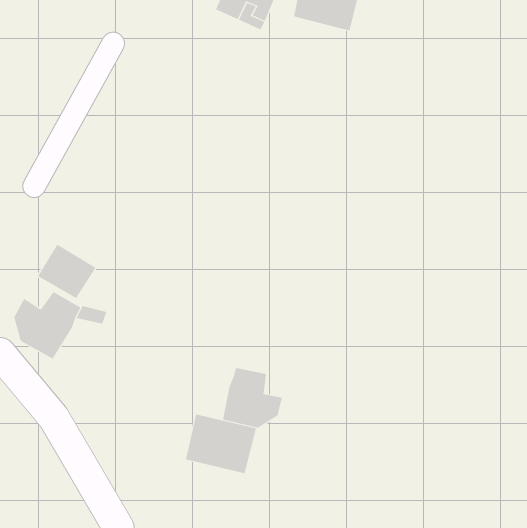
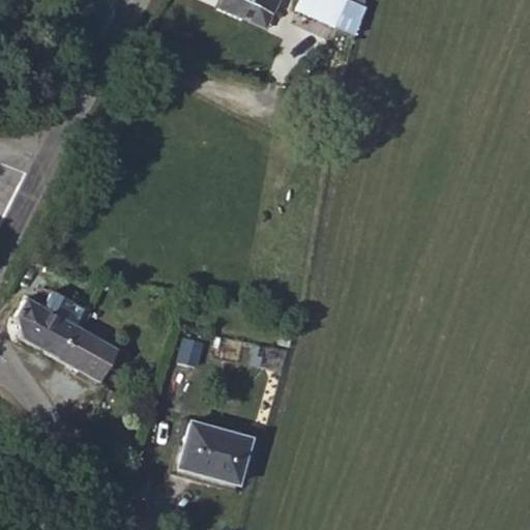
building: [37,244,96,299] -> [57,326,116,381]
building: [222,367,283,429] -> none

